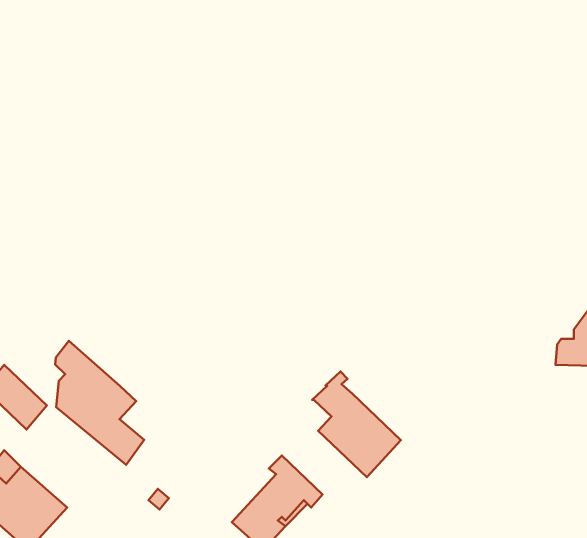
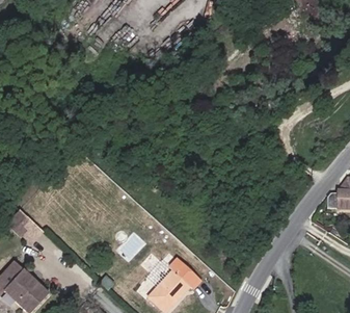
building: [55,341,144,465] -> none
building: [312,372,401,477] -> none

